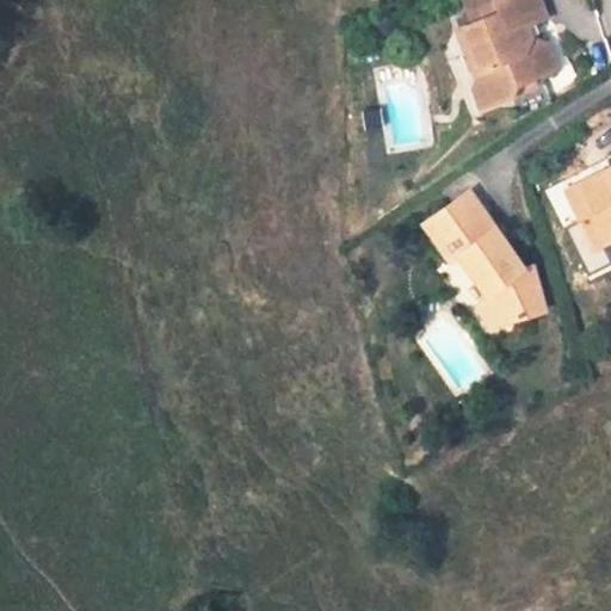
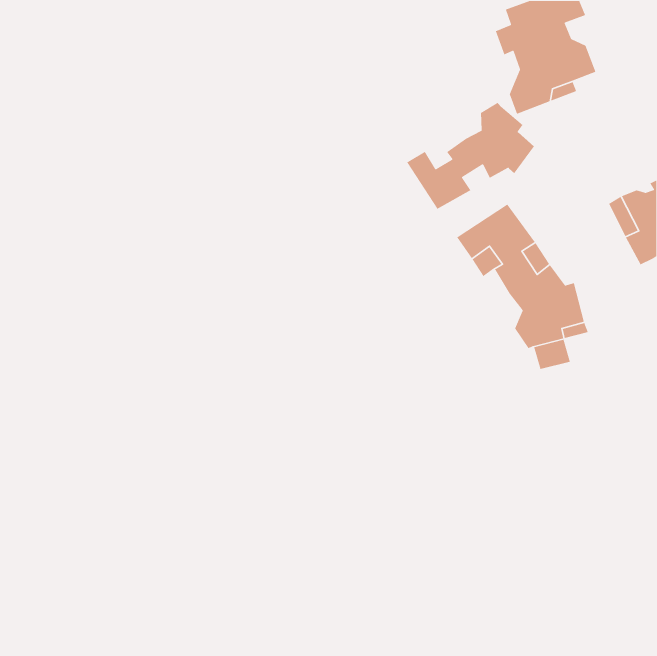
building: none -> [406,102,535,210]

